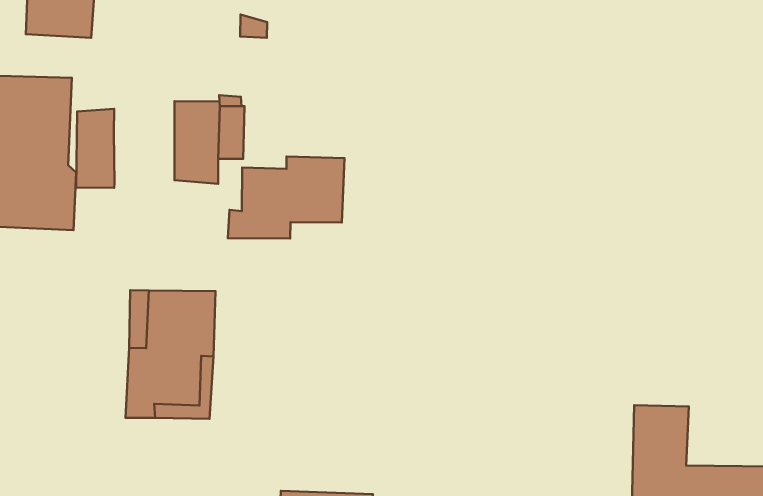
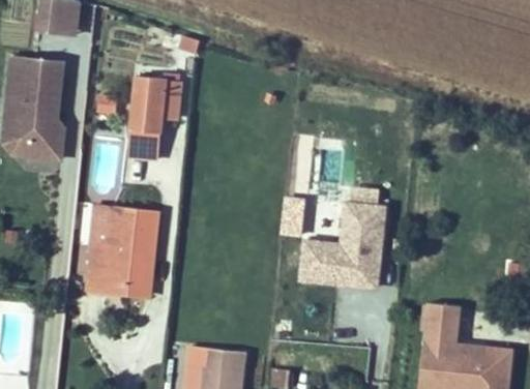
building: [76,109,114,188] -> none
building: [228,157,345,239] -> none
building: none -> [300,188,389,289]

